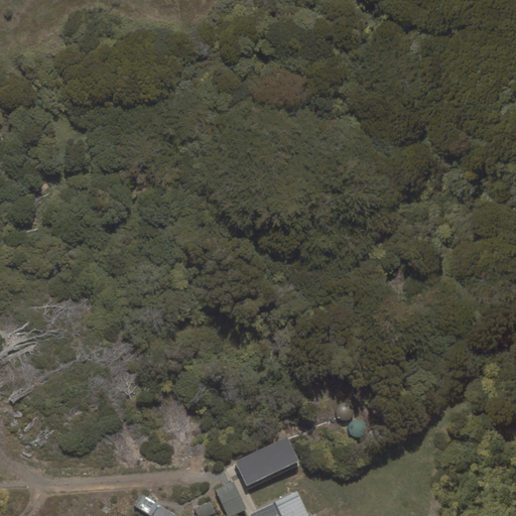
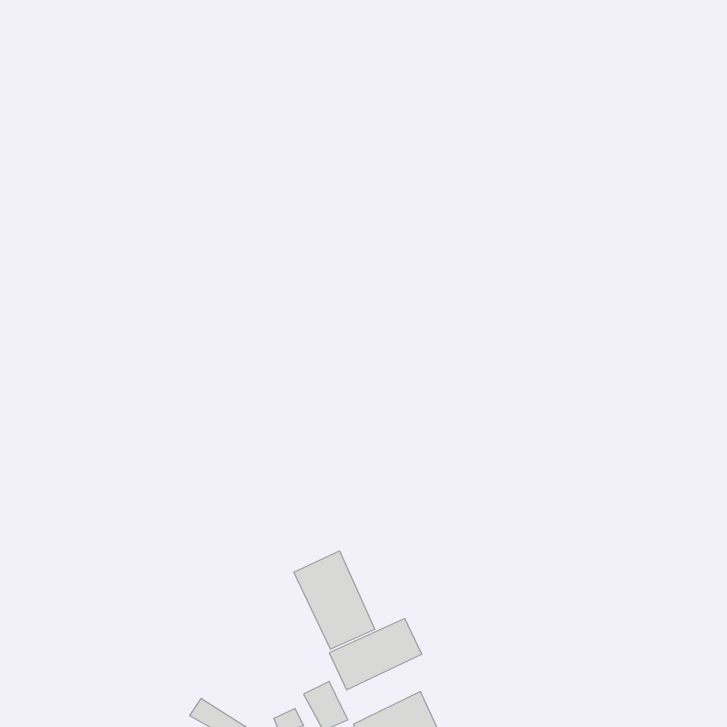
building: none -> [294,551,375,649]

